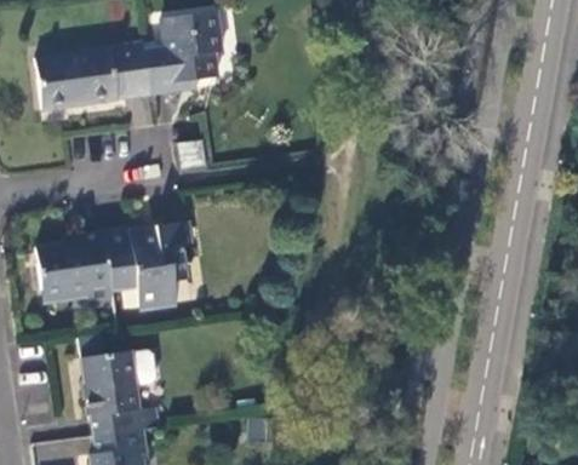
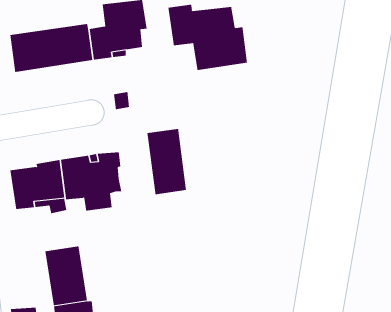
building: none -> [168,4,248,71]
building: none -> [147,128,187,195]

